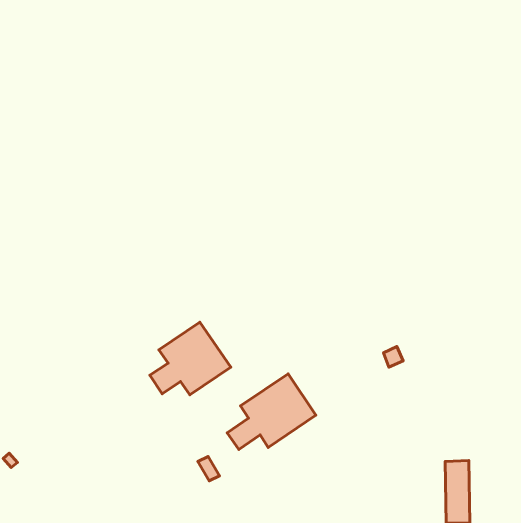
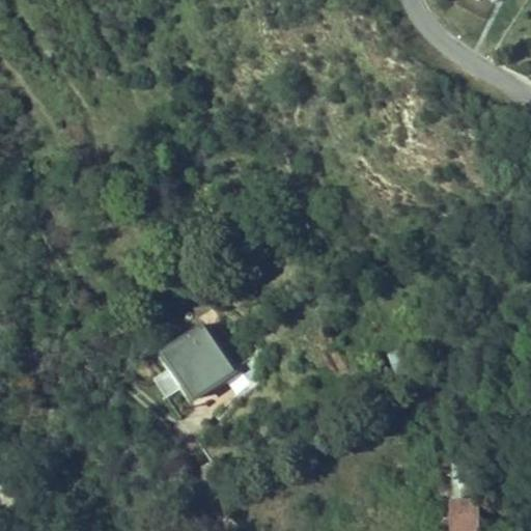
building: [227,374,316,450] -> none

